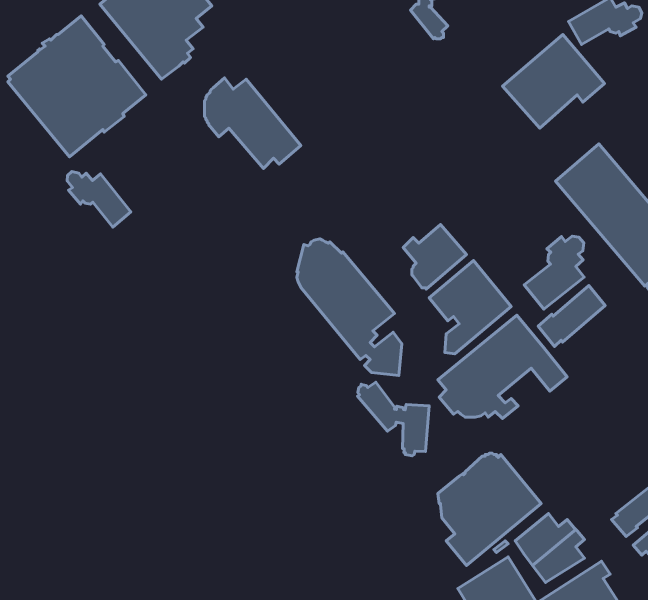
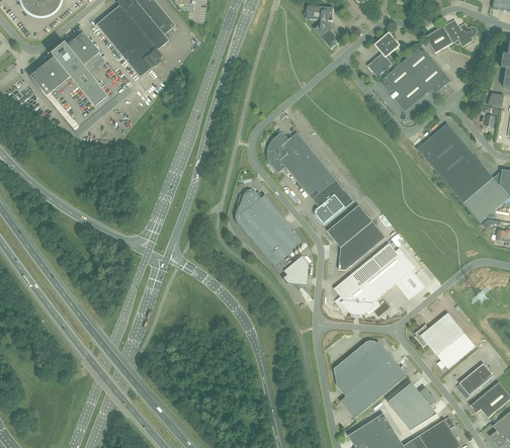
building: none -> [366,31,399,76]
building: [204,78,301,168] -> [267,130,335,194]
building: [67,171,131,227] -> none
building: [524,236,584,309] -> none
building: [538,286,605,346] -> none
building: [357,382,429,456] -> none
building: none -> [415,311,476,368]

